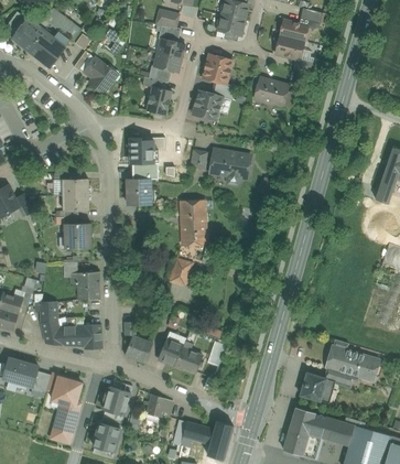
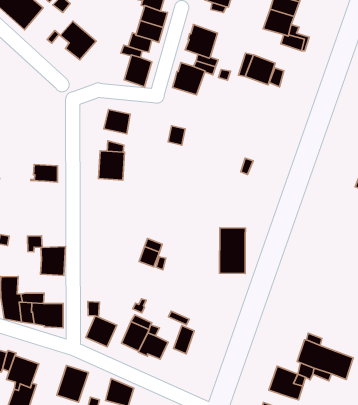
building: [209,150,250,185] -> none
building: [53,179,87,195] -> none
building: [180,201,206,245] -> [220,228,246,274]
building: [63,223,90,249] -> none

